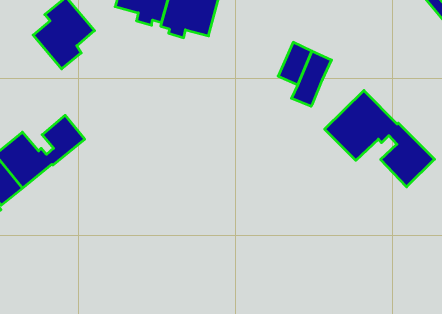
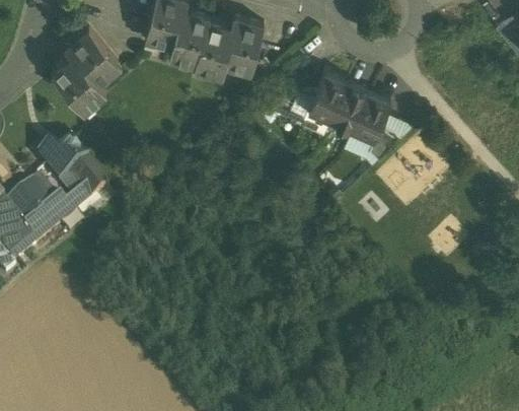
building: none -> [305,69,345,117]
building: none -> [367,121,397,156]
building: none -> [36,132,88,184]
building: [325,90,435,187] -> none

